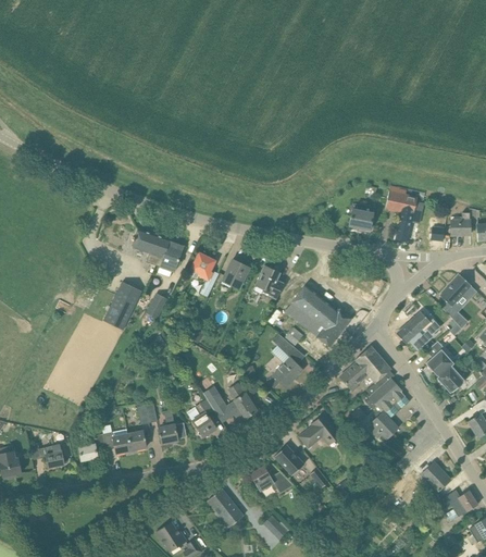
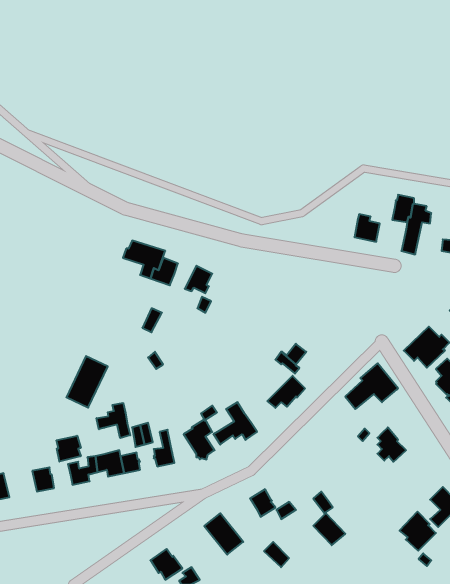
building: [217,259,247,294] -> none
building: [251,264,284,298] -> none
building: [103,281,142,330] -> [66,356,108,408]
building: [285,284,351,346] -> none
building: [364,370,410,418] -> none
building: none -> [97,403,130,438]
building: [299,413,340,447] -> none
building: none -> [57,436,81,462]
building: [274,444,304,474] -> [313,513,345,545]
building: none -> [400,512,436,551]

